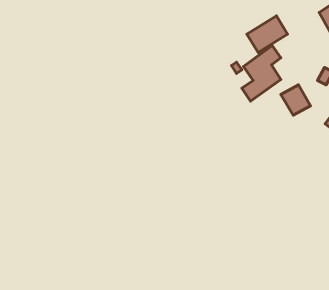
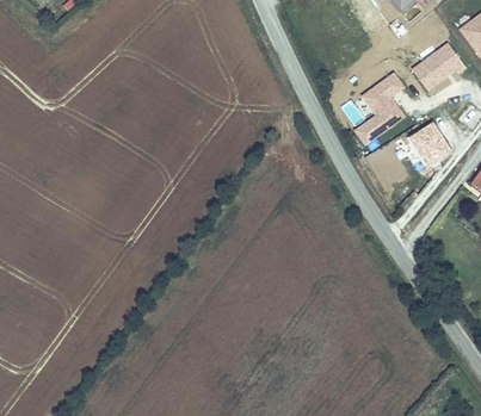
building: [247,16,288,52] -> [412,41,468,91]

